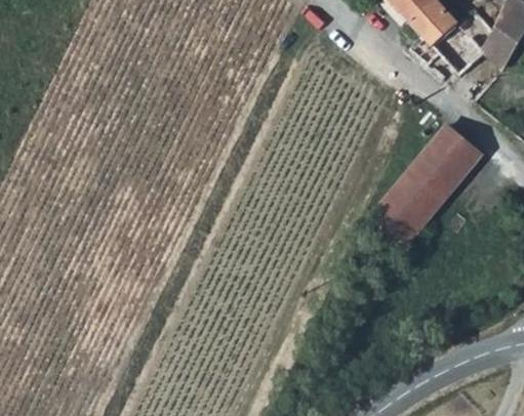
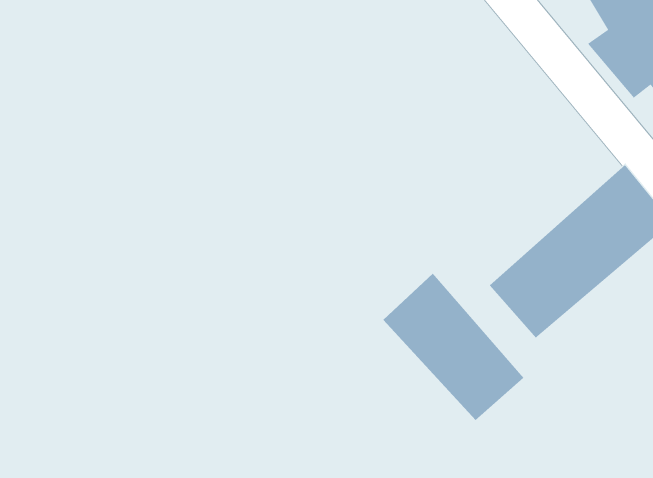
building: none -> [383,273,524,421]

